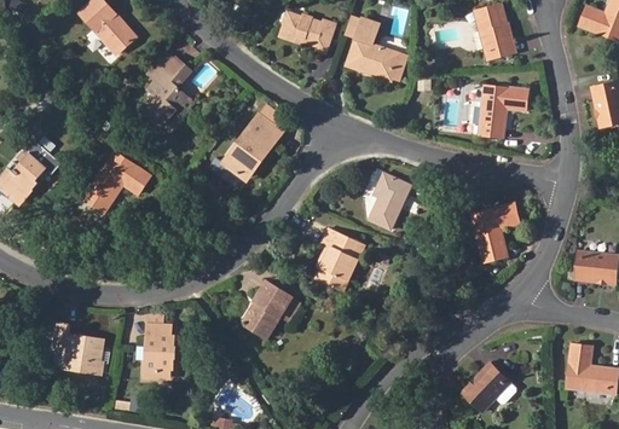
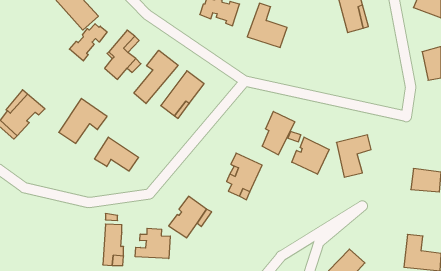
building: none -> [69,24,107,61]
building: [478,85,527,138] -> none
building: none -> [134,50,178,104]
building: none -> [292,137,329,174]
building: none -> [95,137,139,171]
building: [56,326,105,377] -> none
building: none -> [135,228,170,259]

